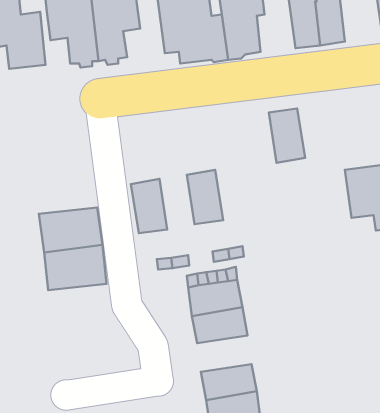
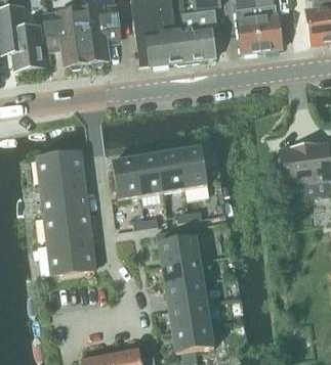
building: [269,109,305,163] -> [178,146,207,189]
building: none -> [35,148,85,184]
building: none -> [134,153,162,196]
building: none -> [46,239,96,275]
building: none -> [164,280,207,309]

